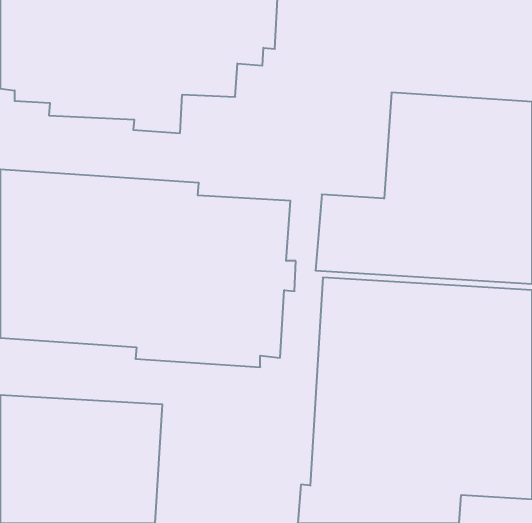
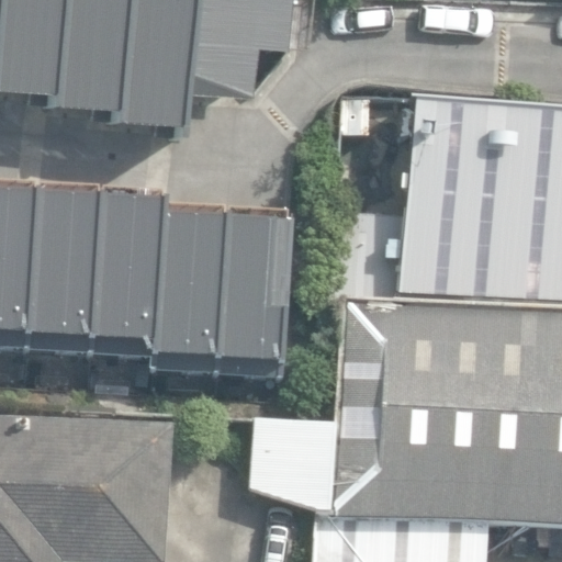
building: none -> [247,416,333,509]

